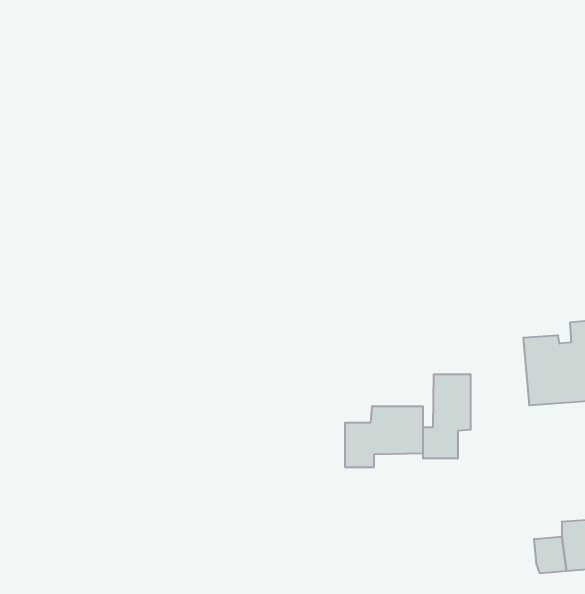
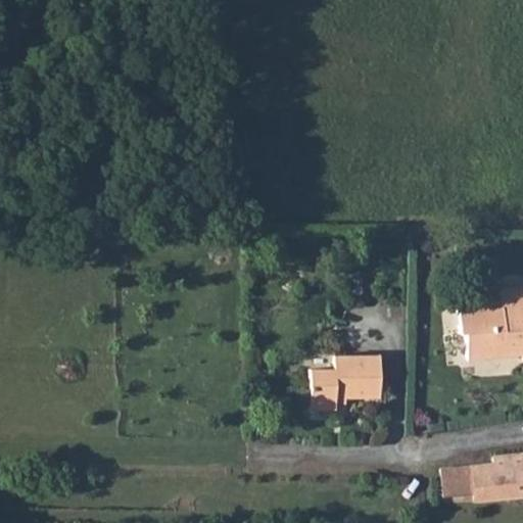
building: [423,374,471,459] -> none
building: none -> [450,465,479,497]

